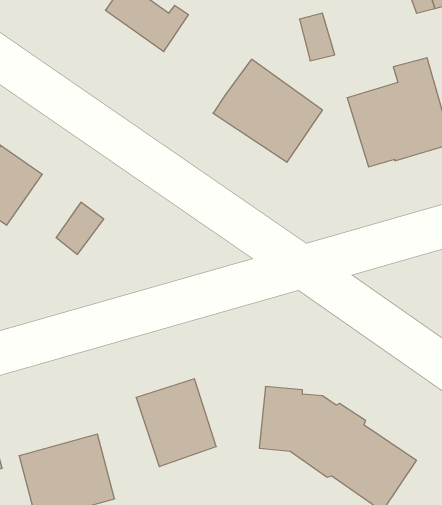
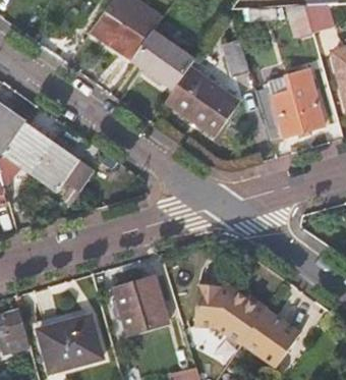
building: none -> [133,31,195,89]
building: none -> [30,142,78,194]

